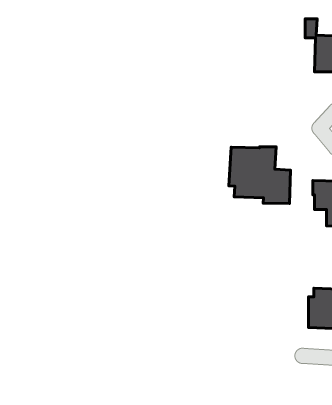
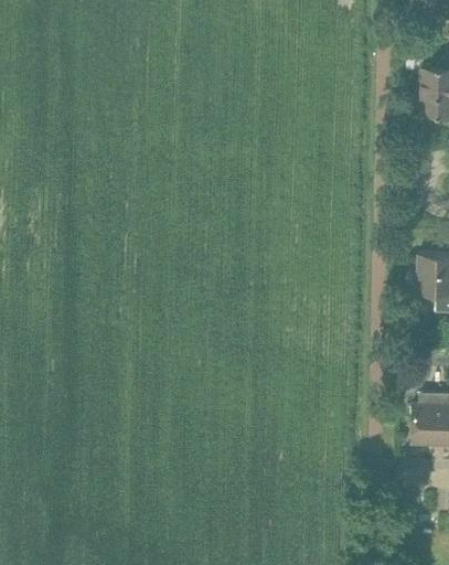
building: [229,147,291,204] -> none

